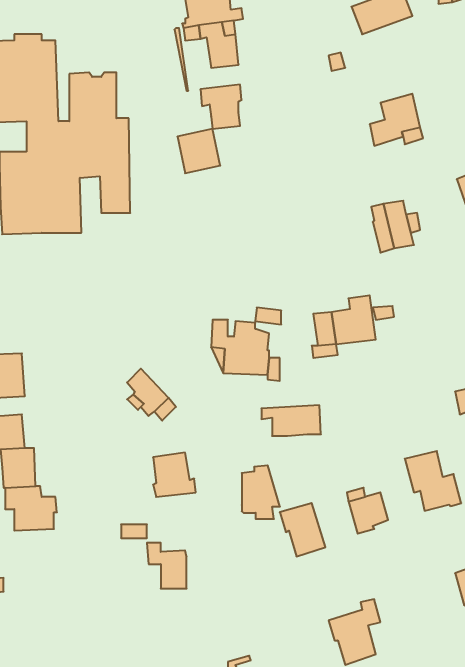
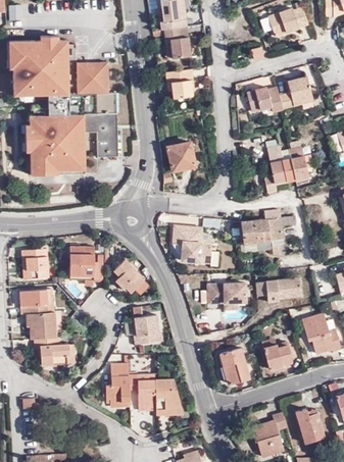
building: none -> [245,88,283,113]
building: [177,129,220,173] -> [166,142,195,171]
building: none -> [264,146,286,193]
building: none -> [69,247,103,279]
building: none -> [255,278,302,302]
building: [242,465,280,519] -> [156,379,182,415]
building: none -> [106,375,131,402]
building: none -> [295,409,324,443]

